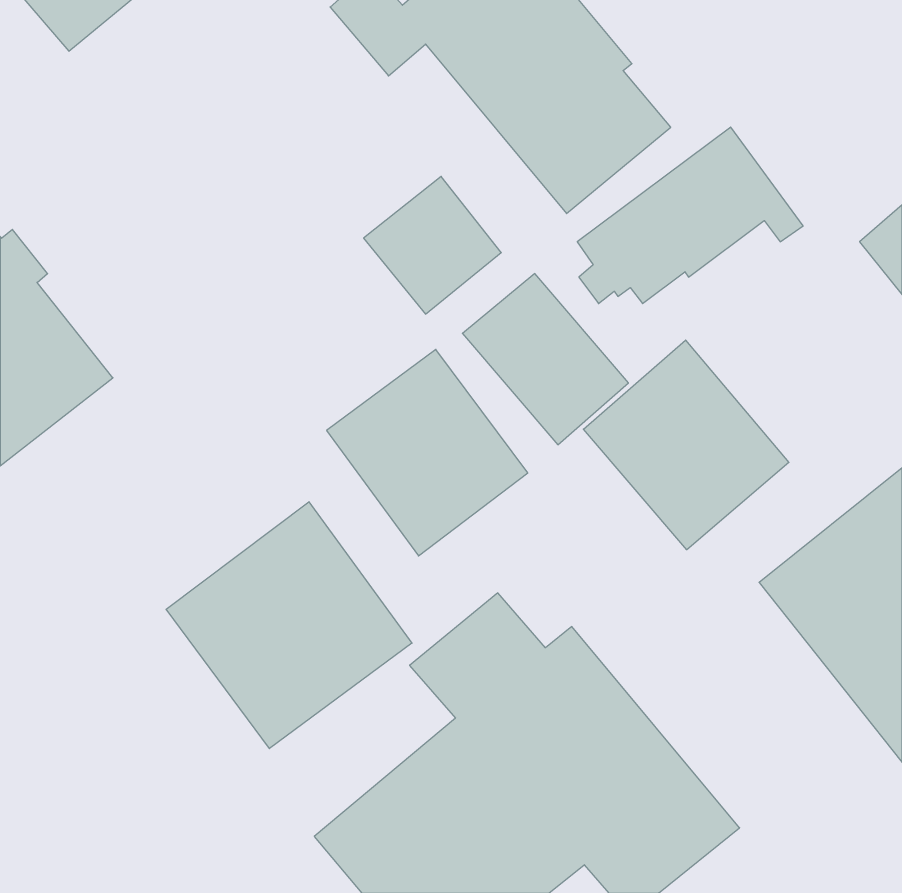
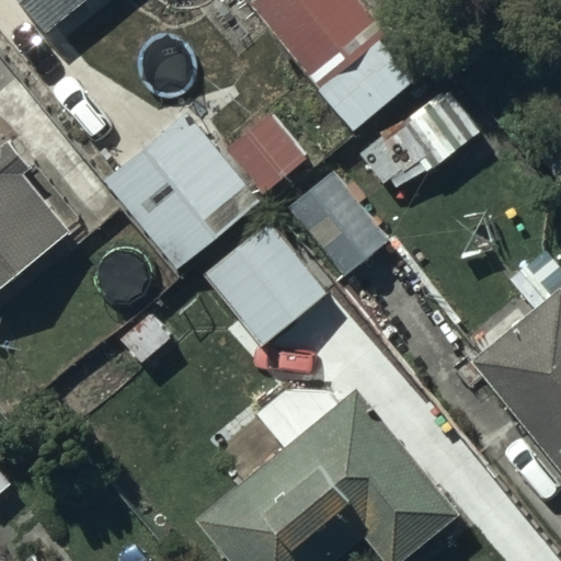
building: none -> [105,112,261,268]
building: [583,340,789,550] -> none
building: [166,502,412,749] -> none

